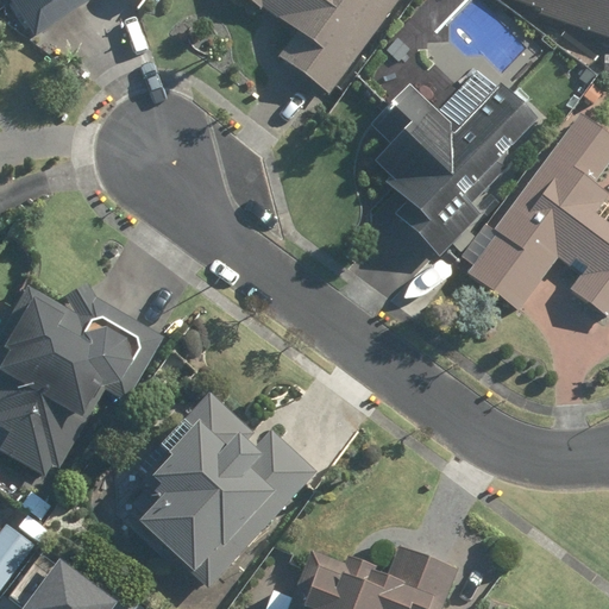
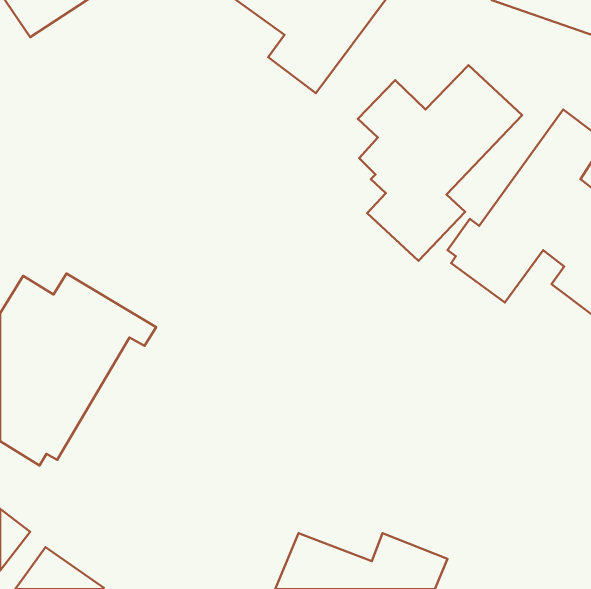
building: [128,387,319,578] -> none

